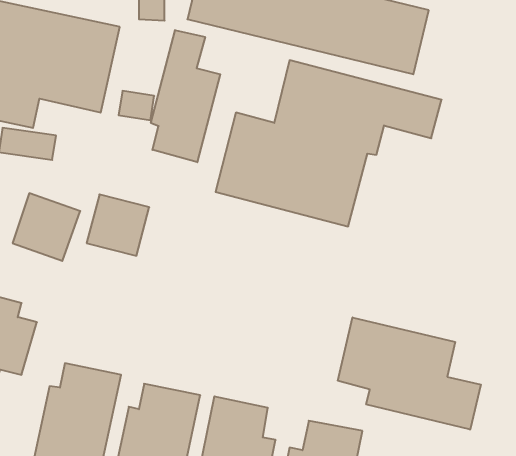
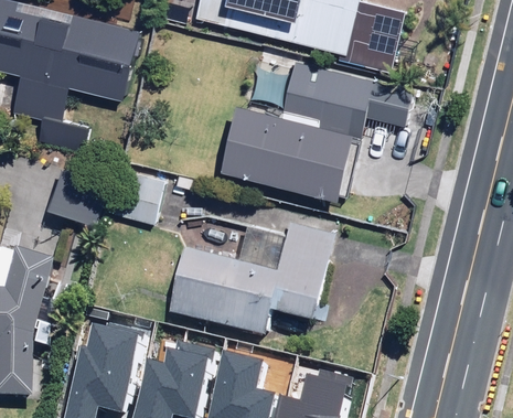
building: [151,30,220,162] -> none
building: none -> [172,218,335,339]
building: [338,317,481,430] -> none

